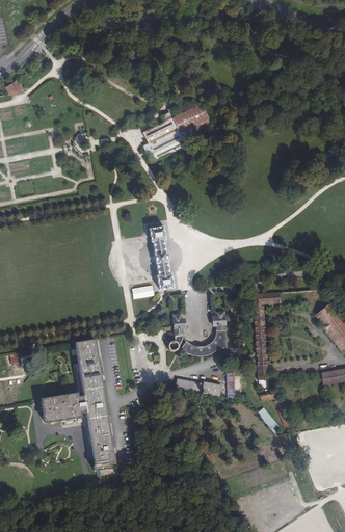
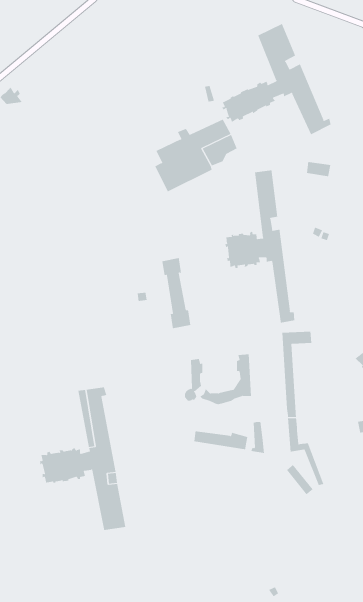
building: none -> [221,23,331,135]
building: none -> [224,169,295,323]

